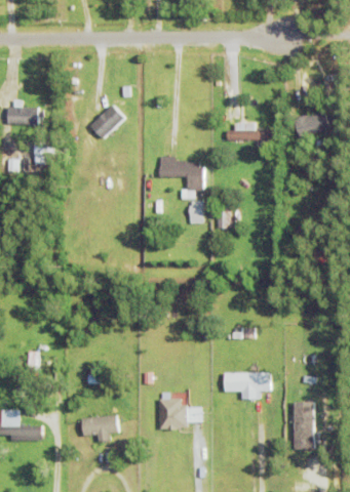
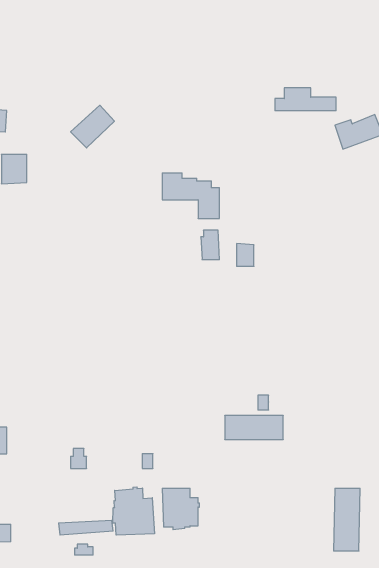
building: [227,122,274,139] -> [275,88,336,111]
building: [225,373,270,392] -> [225,416,283,439]
building: none -> [113,487,154,535]

